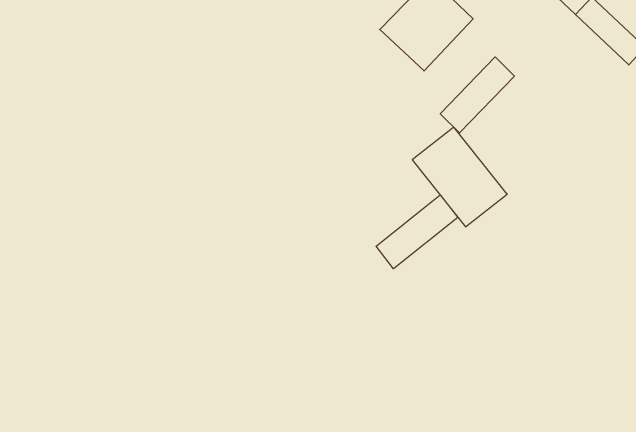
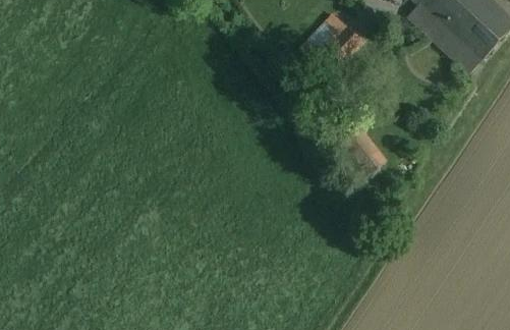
building: [440,57,514,133] -> none
building: [376,195,458,269] -> none

